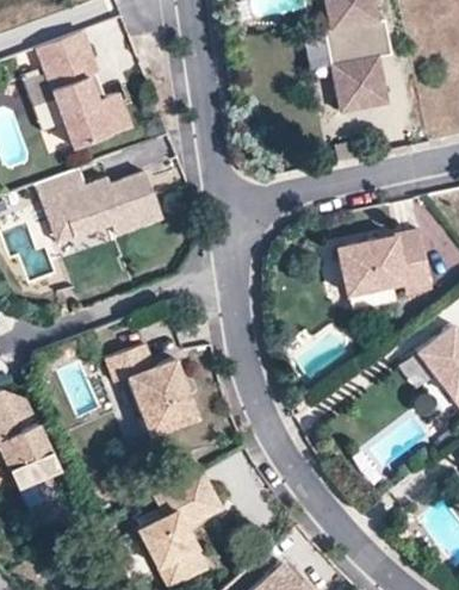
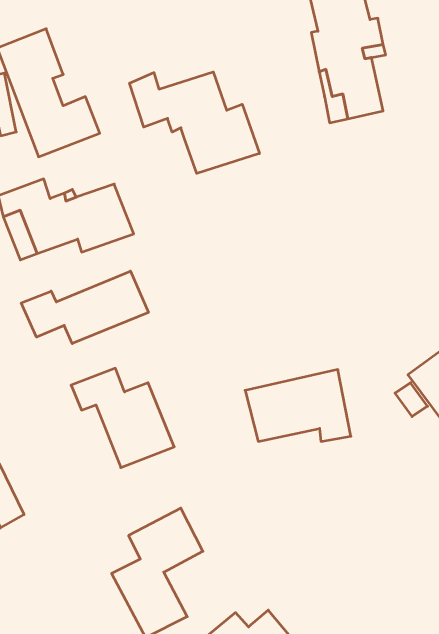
building: none -> [130,72,259,173]
building: [331,228,428,293] -> [245,370,351,441]
building: none -> [21,271,148,344]

